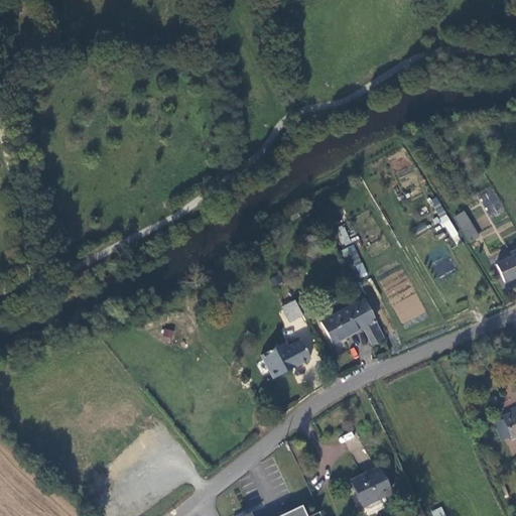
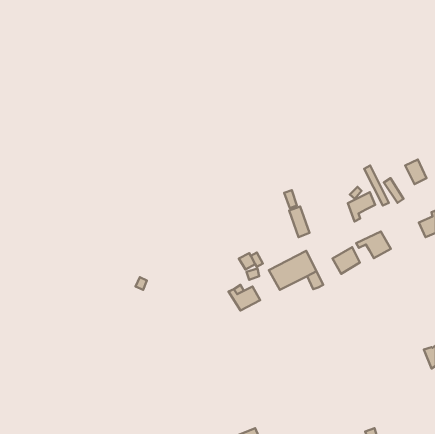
building: none -> [348,192,375,221]
building: none -> [356,231,391,258]
building: [260,347,285,376] -> none
building: [352,468,394,506] -> none

